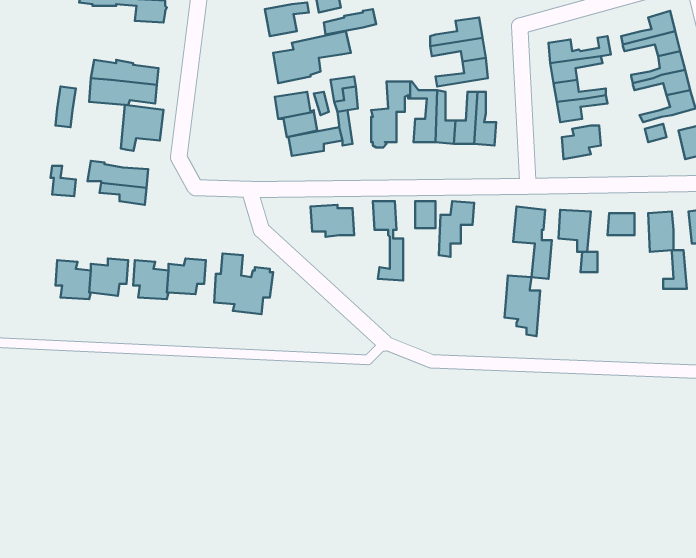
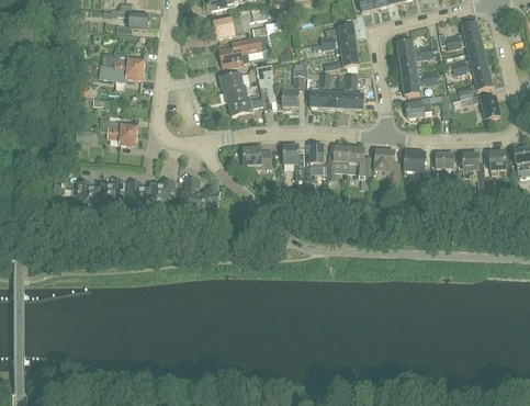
building: [121,105,164,151] -> none
building: [505,275,540,336] -> [347,145,370,184]

